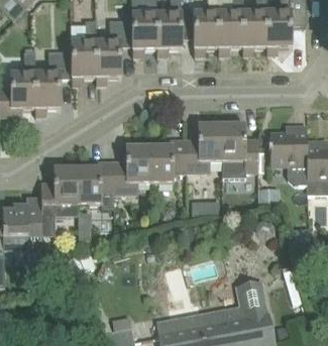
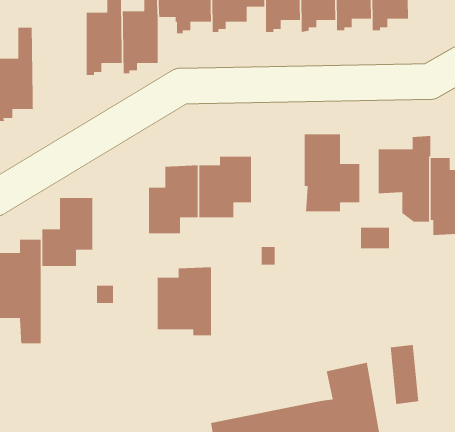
building: [35,41,72,115] -> none
building: [185,124,220,171] -> none
building: [77,160,114,208] -> [157,266,212,336]

